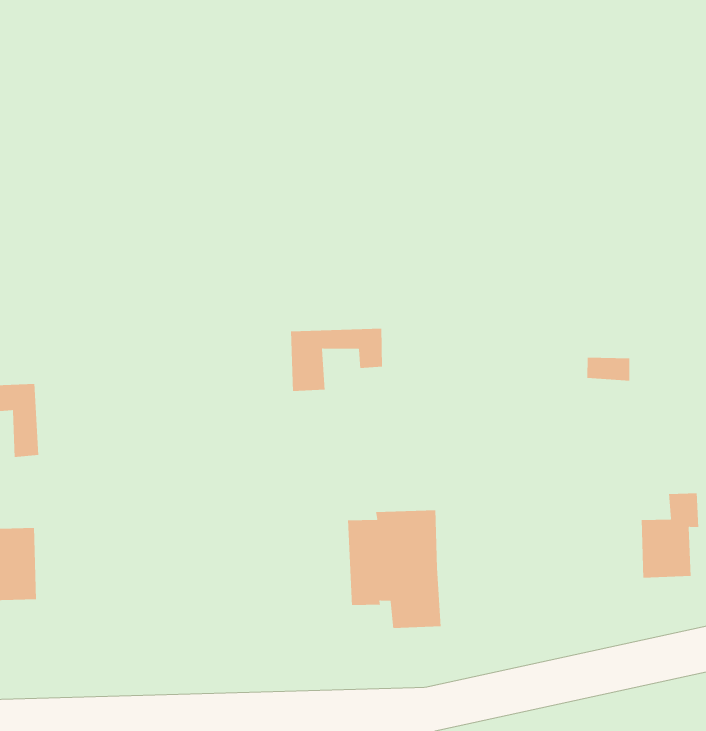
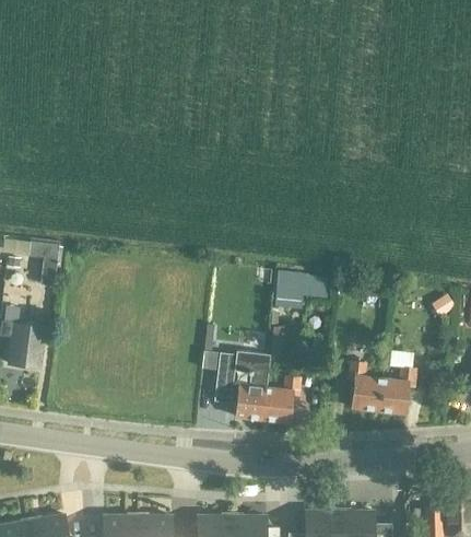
building: [290,328,383,392] -> [273,273,329,310]
building: none -> [349,362,382,412]
building: none -> [262,376,301,424]

